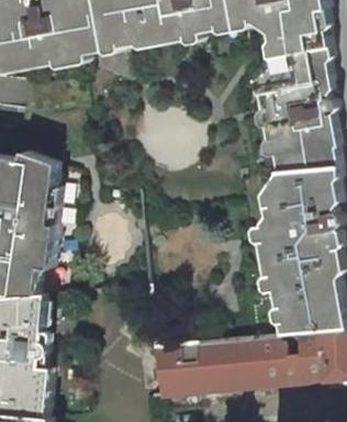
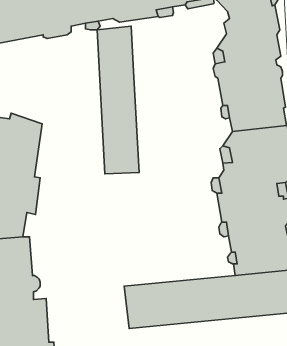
building: none -> [97,26,139,174]

